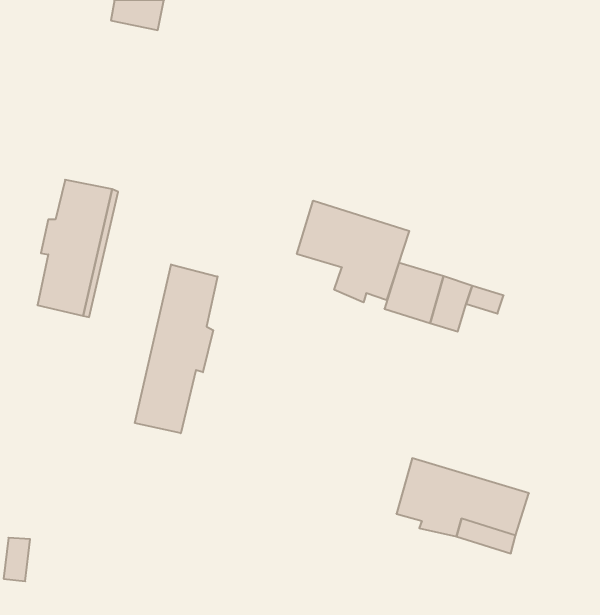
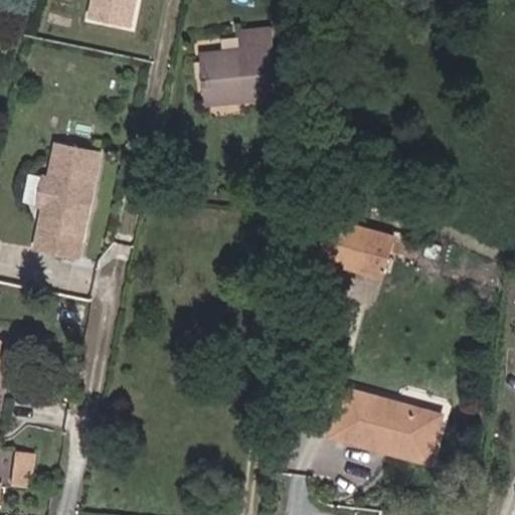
building: none -> [199,32,267,101]
building: [297,201,409,302] -> none
building: [135,264,218,433] -> none

